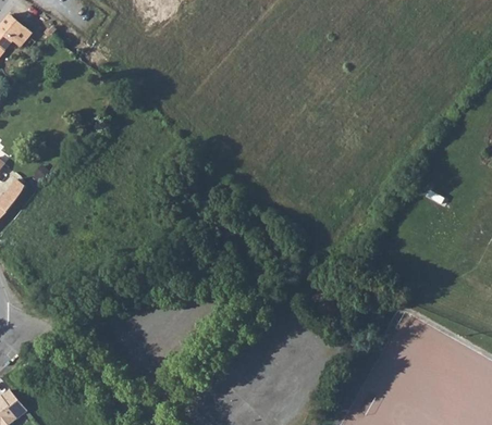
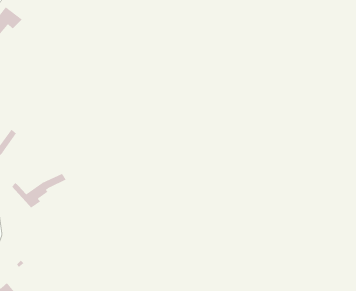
building: none -> [11,173,66,209]

